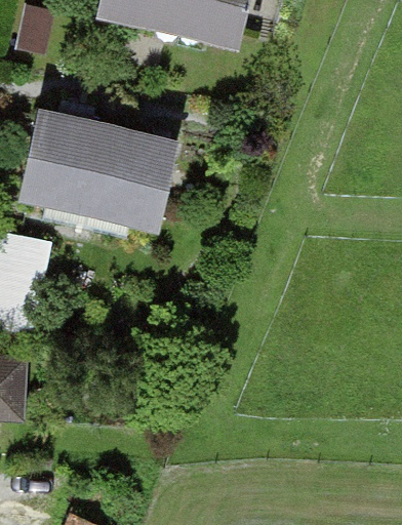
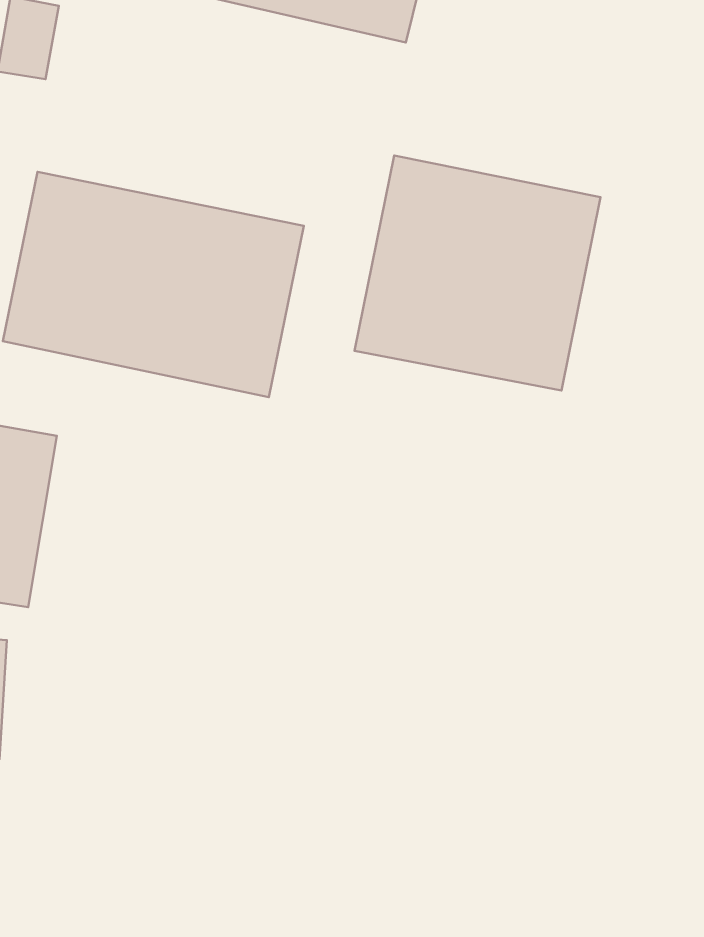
building: none -> [355,155,600,391]

